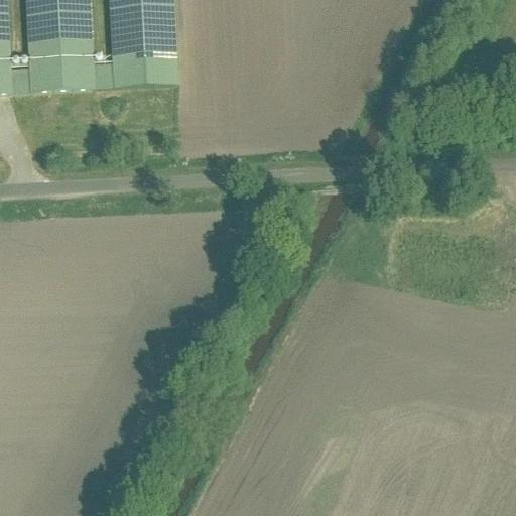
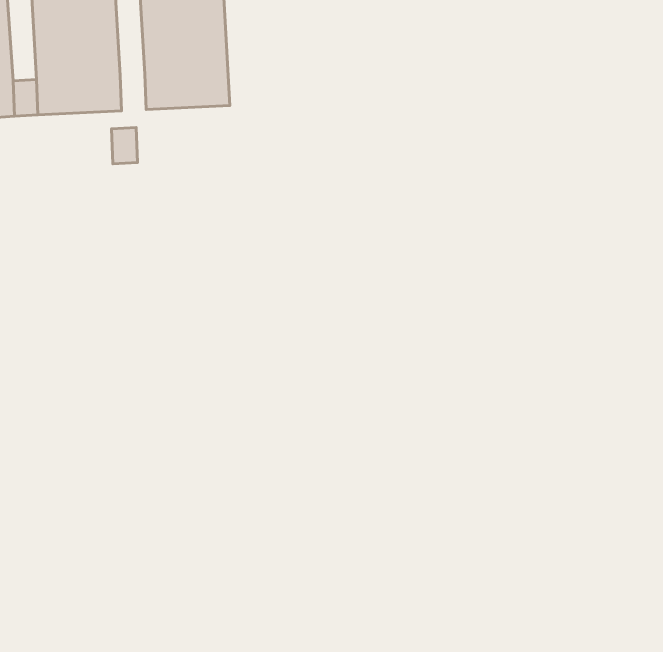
building: [93,57,113,86] -> [111,127,138,164]

